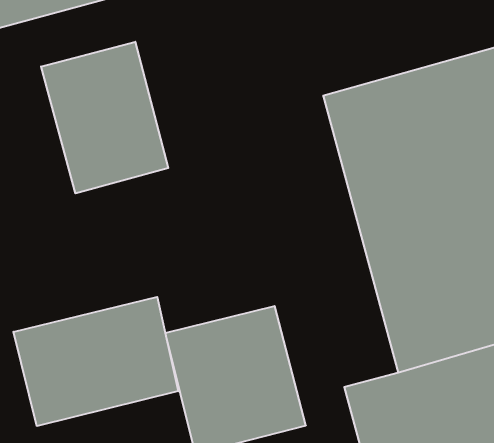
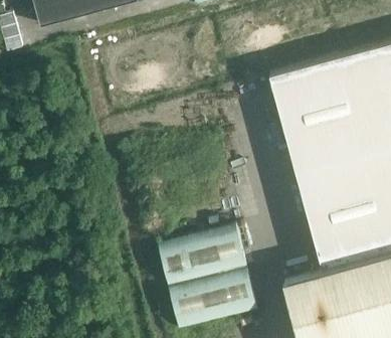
building: [41,42,168,193] -> none
building: [13,297,178,426] -> none

